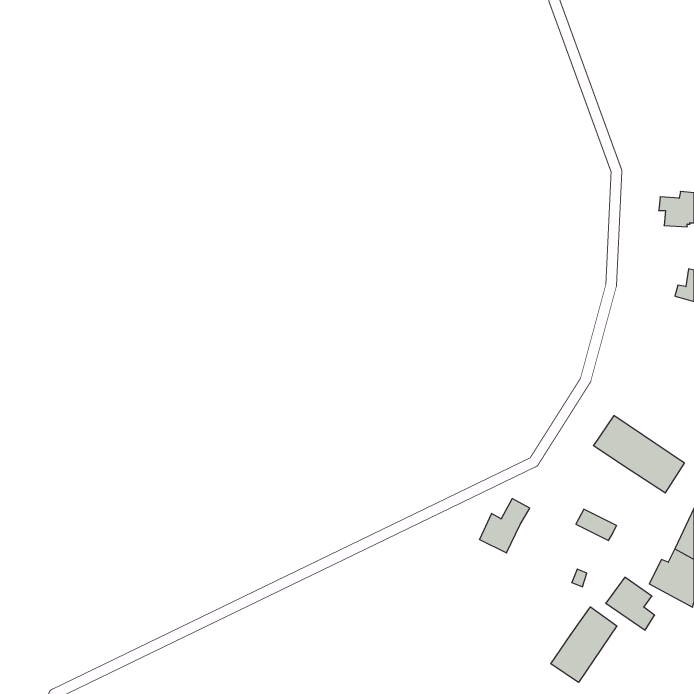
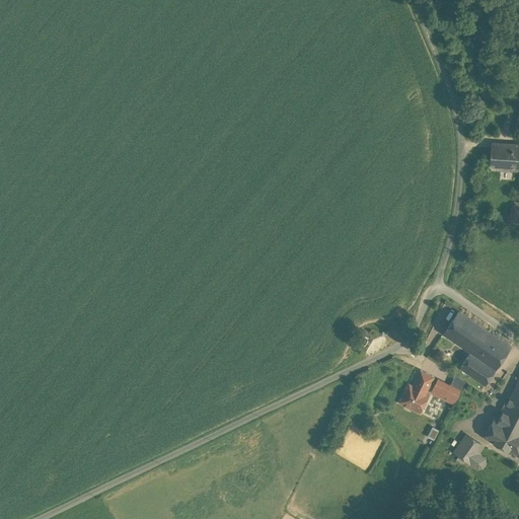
building: none -> [460,351,497,384]
building: [479,499,530,553] -> [399,372,437,413]
building: [551,607,617,682] -> none

